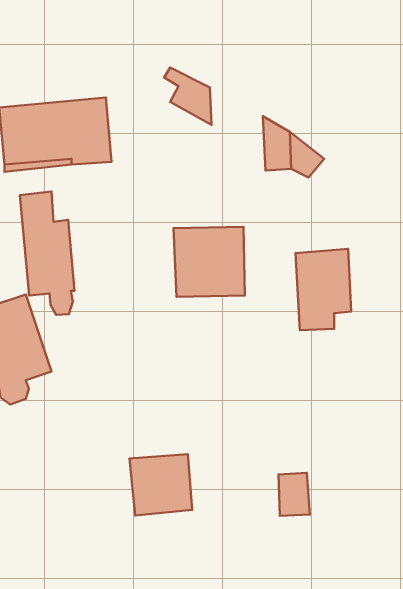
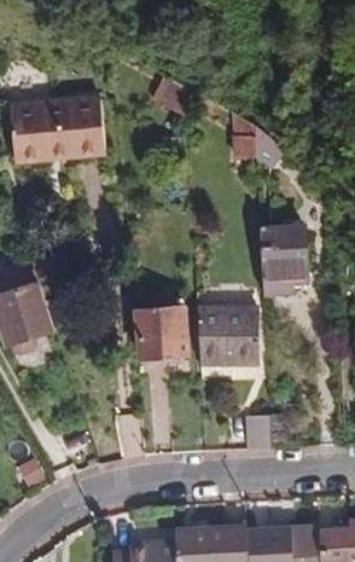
building: [20,192,74,315] -> none
building: [174,227,245,297] -> [198,307,258,366]
building: [129,454,192,515] -> [135,307,188,359]

